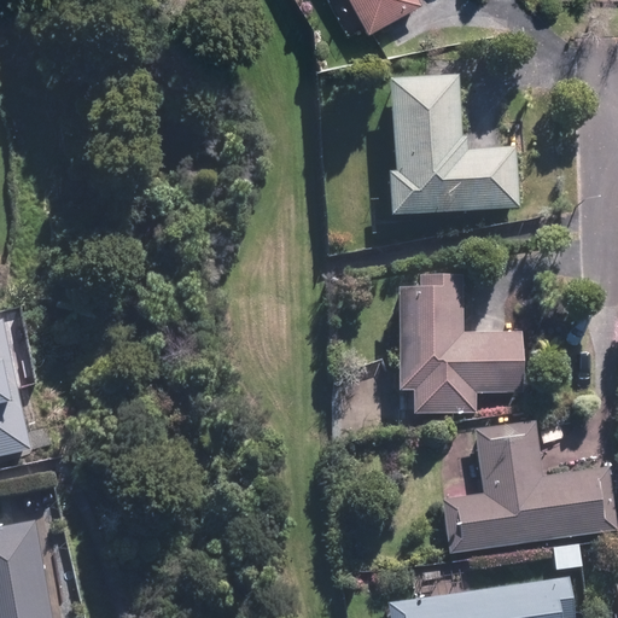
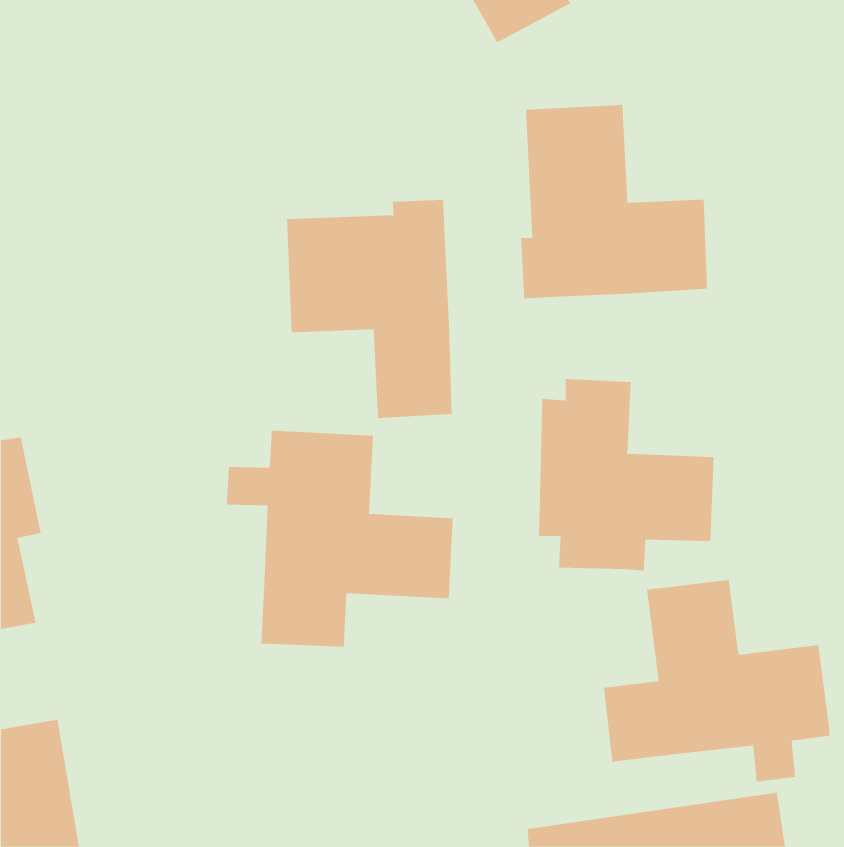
building: none -> [286,199,452,419]
building: none -> [226,430,453,647]

